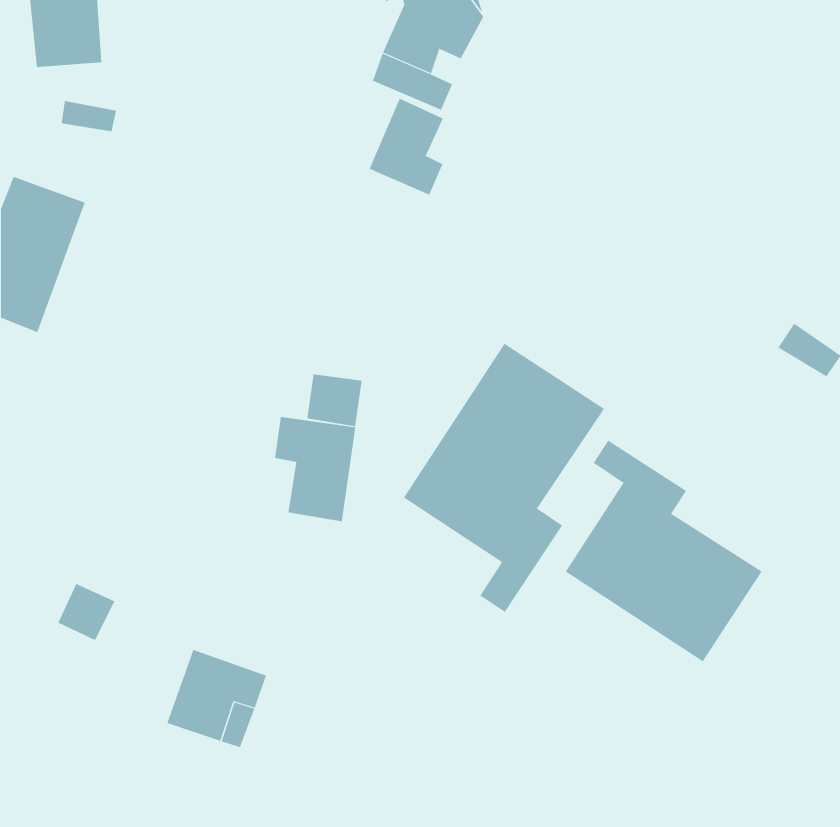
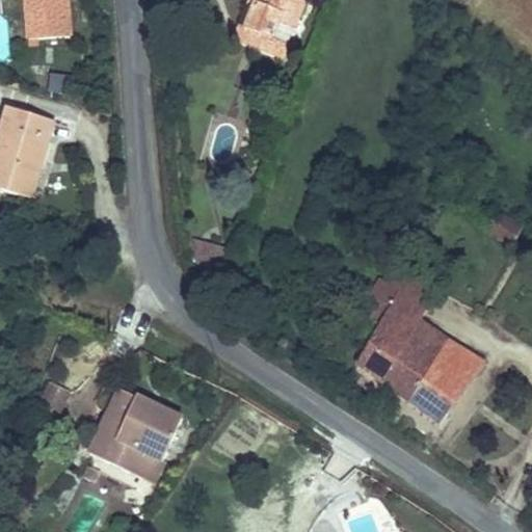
building: [369,98,443,196] -> none
building: [403,343,605,613] -> none
building: [274,416,356,522] -> none
building: none -> [86,380,177,456]

